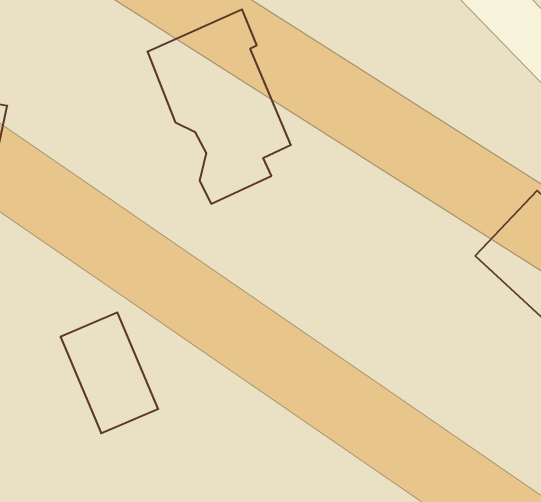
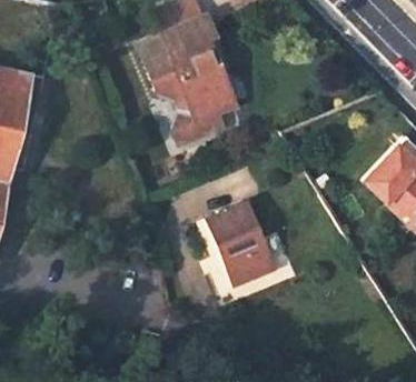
building: [60,312,158,433] -> [206,203,273,285]

